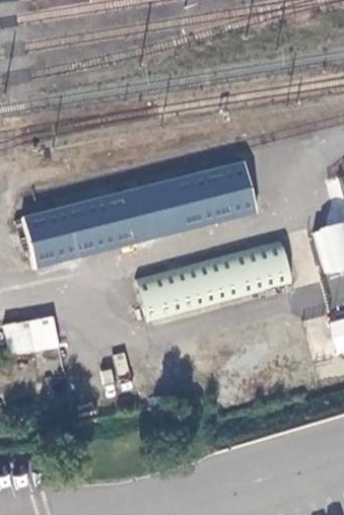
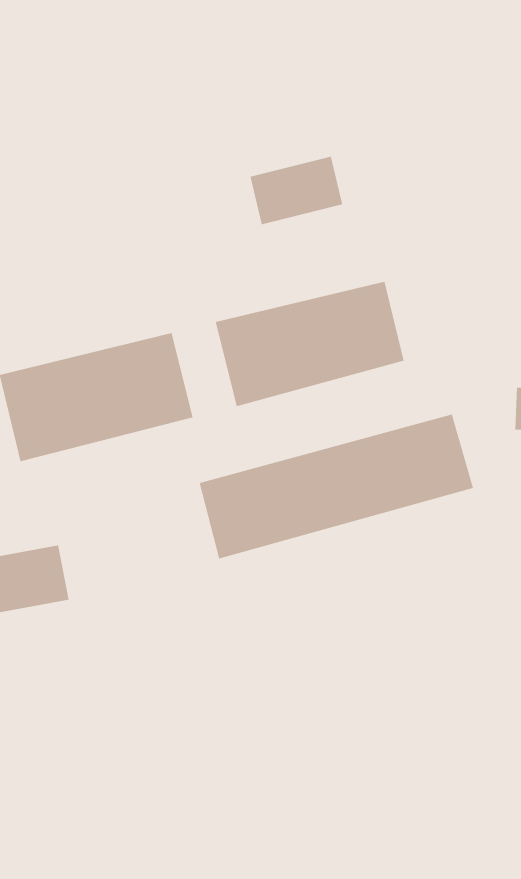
building: none -> [250,156,343,225]
building: [120,188,156,242] -> none

